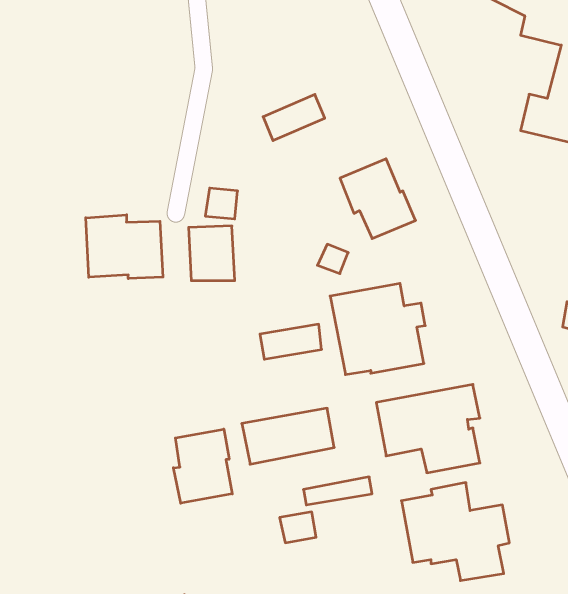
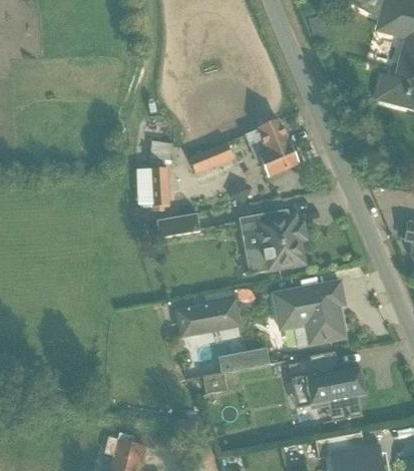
building: [263,94,325,141] -> [190,140,235,173]
building: [86,215,163,279] -> none
building: [260,324,322,359] -> [156,212,200,238]
building: [173,429,232,503] -> none

